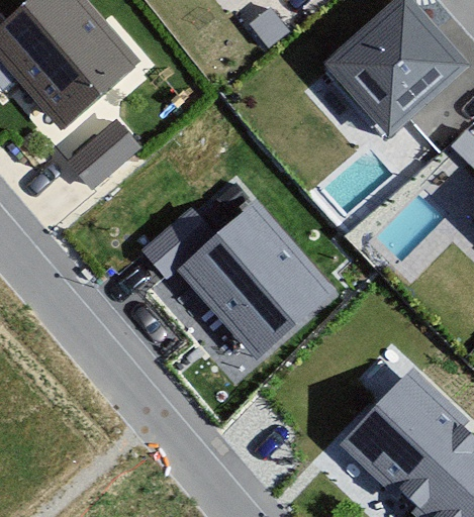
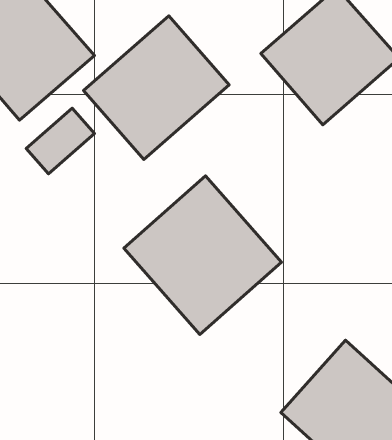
building: none -> [83,16,229,160]

